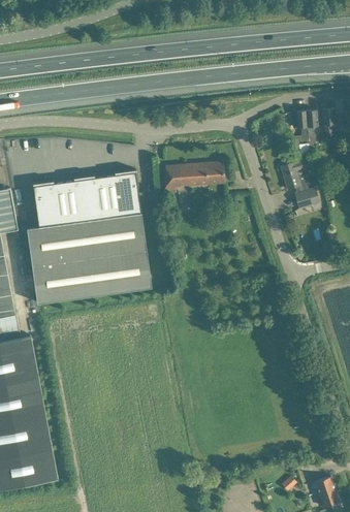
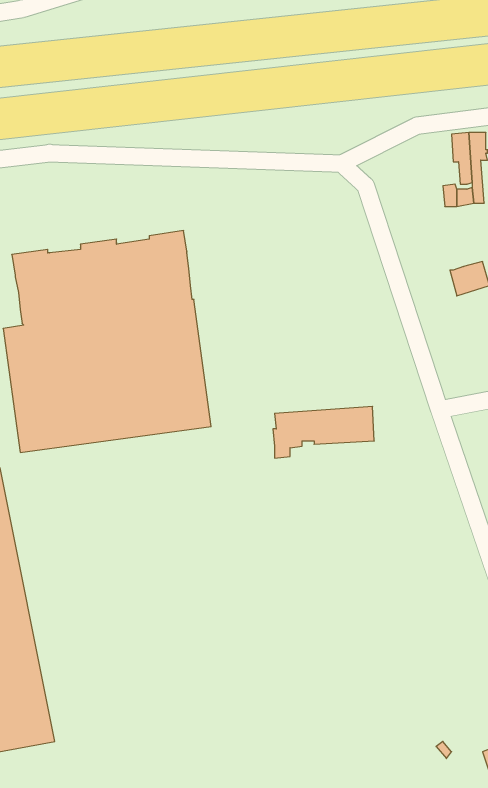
building: [281,161,311,195] -> none
building: [164,164,225,195] -> [273,406,374,458]

